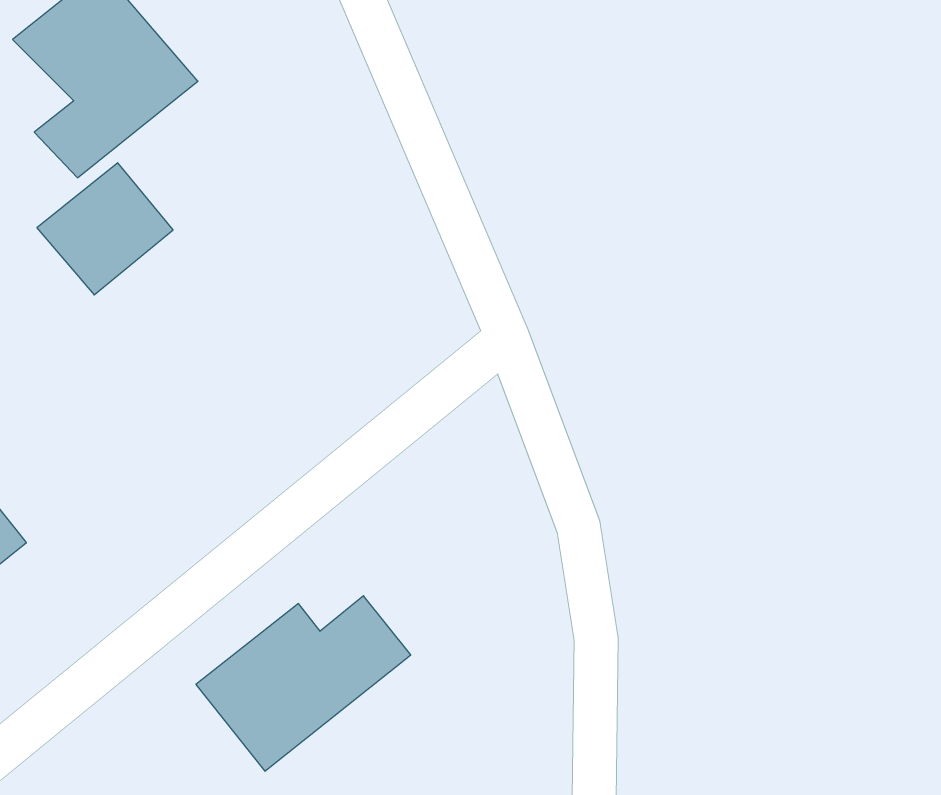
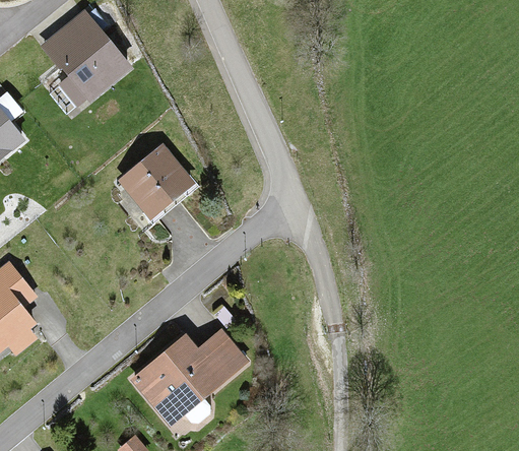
building: [37,163,173,295] -> [122,149,192,217]

